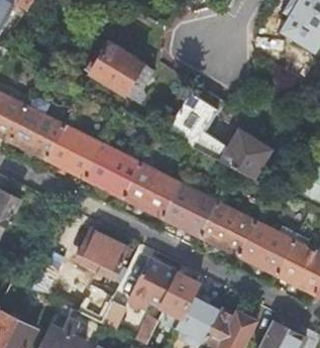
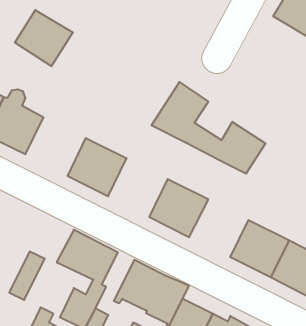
building: [91,42,145,95] -> [15,10,73,66]
building: [46,125,103,180] -> none
building: [124,163,180,218] -> none
building: [200,202,255,255] -> none

